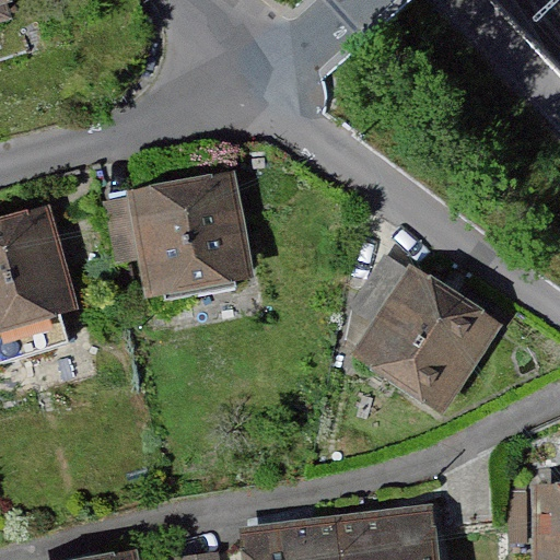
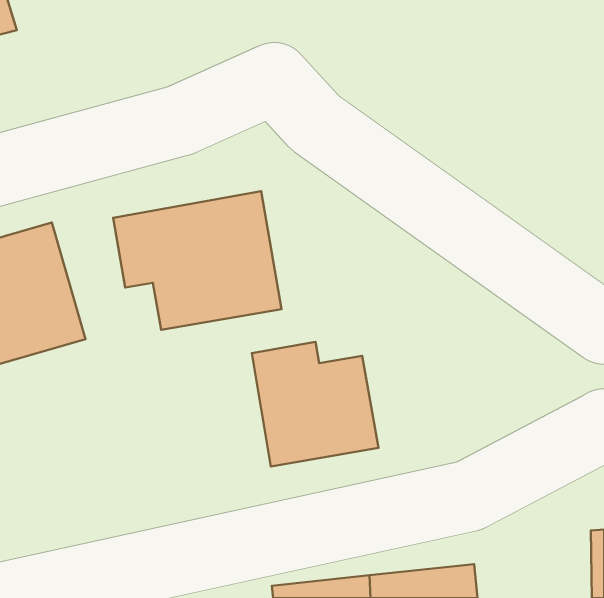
building: [350,256,497,410] -> none
building: none -> [252,342,378,467]

